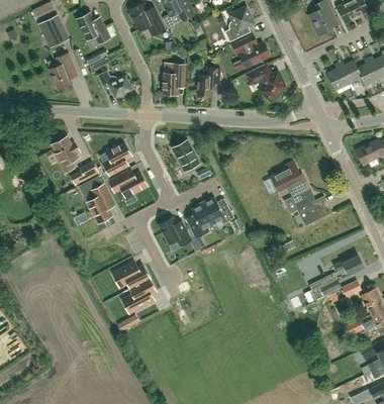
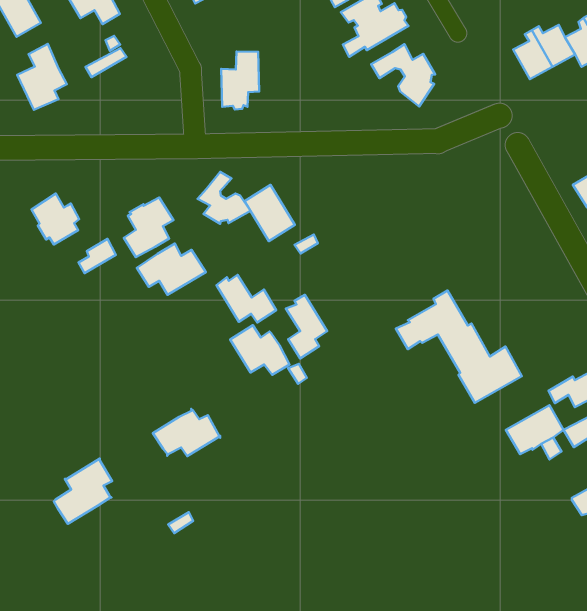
building: [197,68,219,97] -> none
building: [97,71,130,97] -> none
building: none -> [198,172,251,224]
building: [263,162,331,225] -> [396,291,522,403]
building: [86,184,114,222] -> none
building: [201,197,233,224] -> [217,275,276,322]
building: [121,278,155,313] -> [54,459,112,524]

